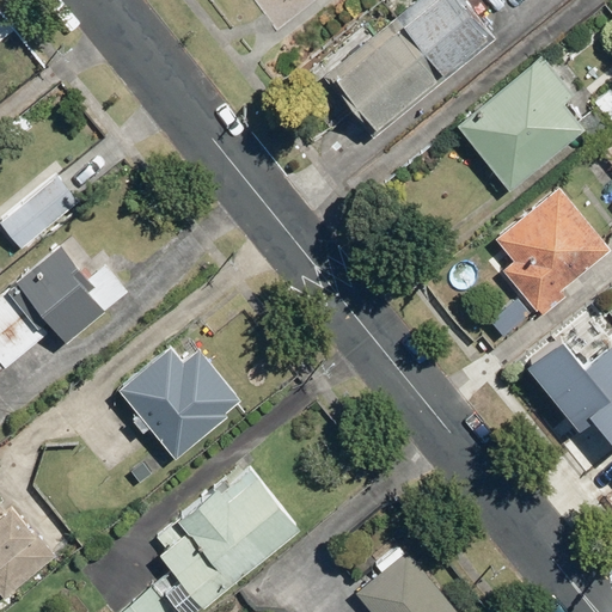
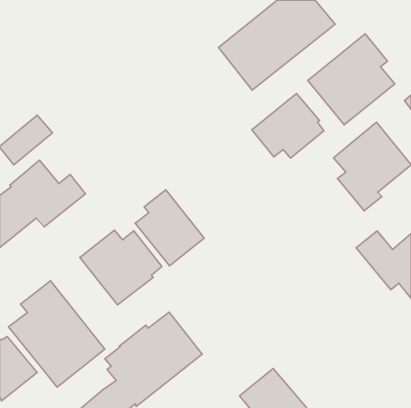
building: none -> [252,93,324,158]
building: none -> [135,190,204,266]
building: none -> [9,281,105,387]

